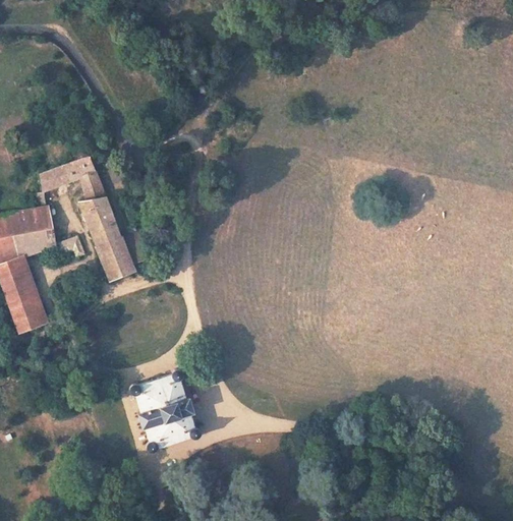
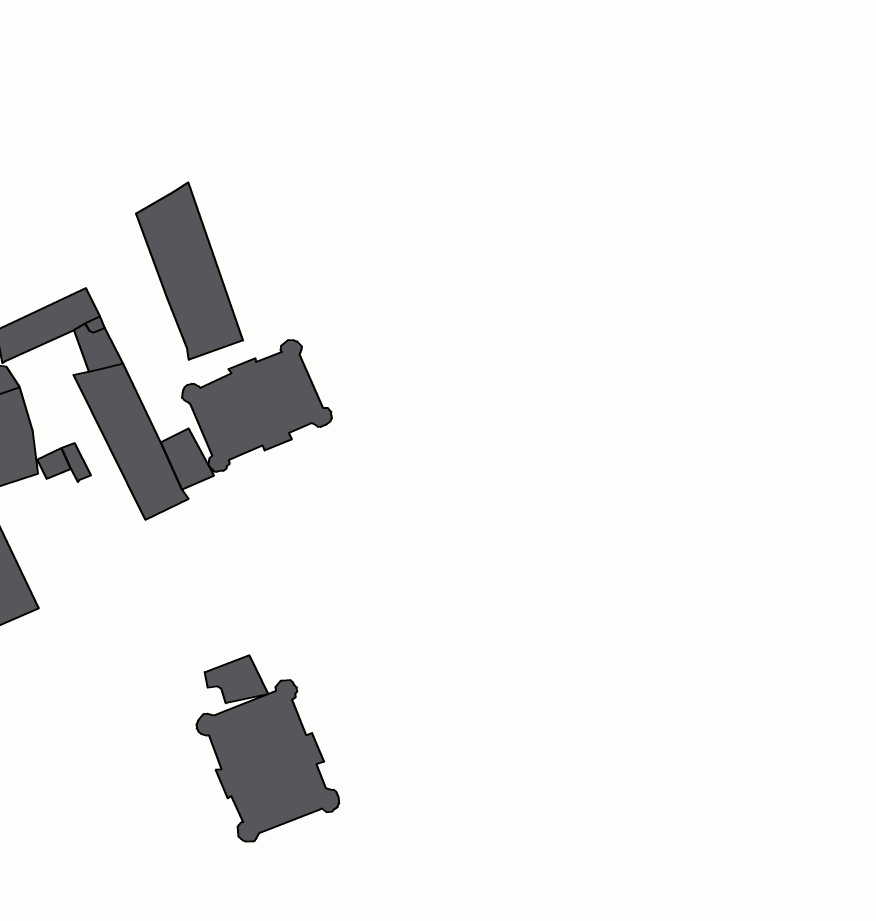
building: none -> [136,182,243,360]
building: none -> [182,340,332,472]
building: none -> [205,655,268,703]

